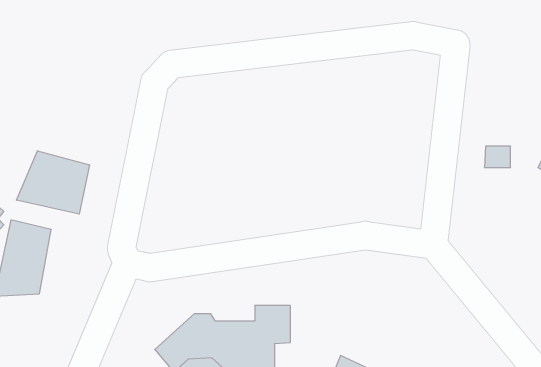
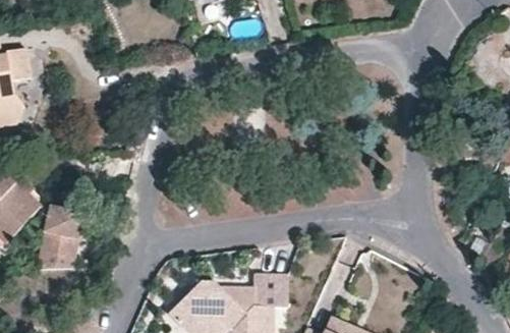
building: [17,151,89,214] -> none

